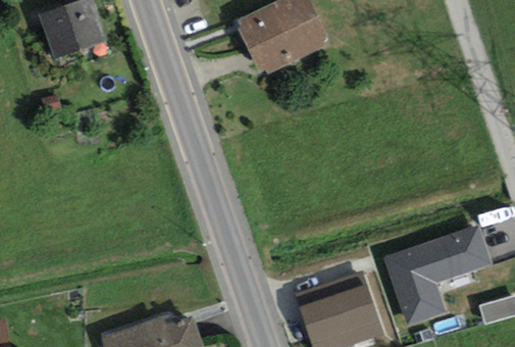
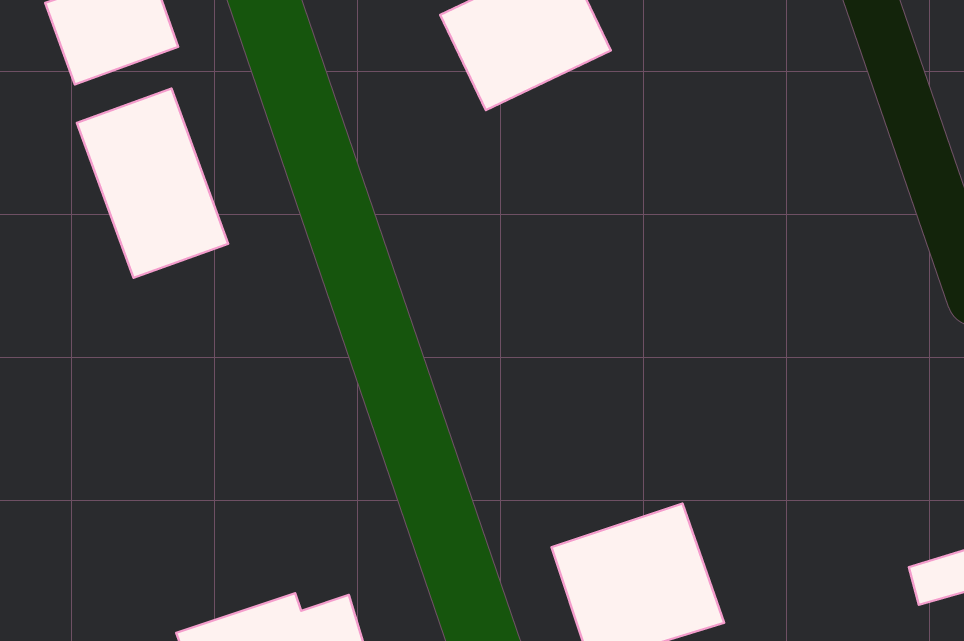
building: none -> [77,89,228,278]
building: [383,227,491,328] -> none

